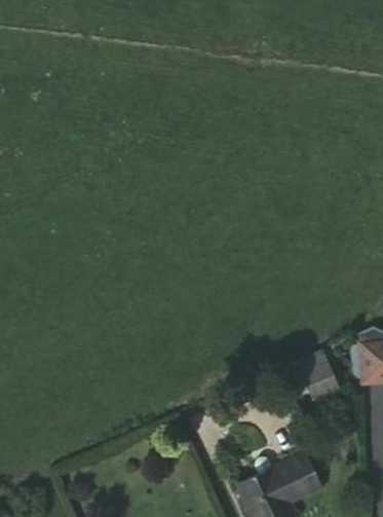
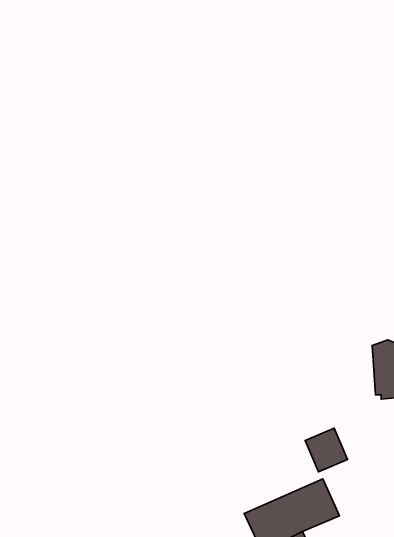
building: [298,362,337,402] -> [305,428,348,472]

